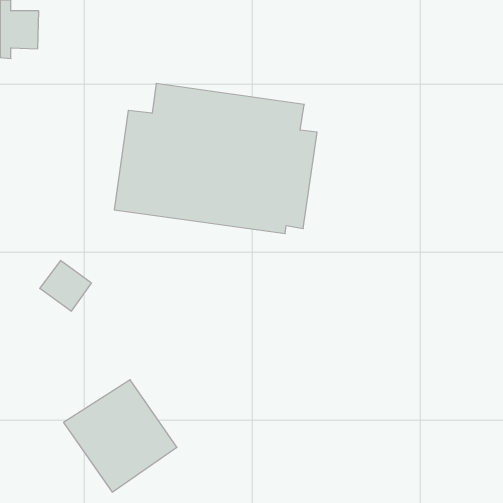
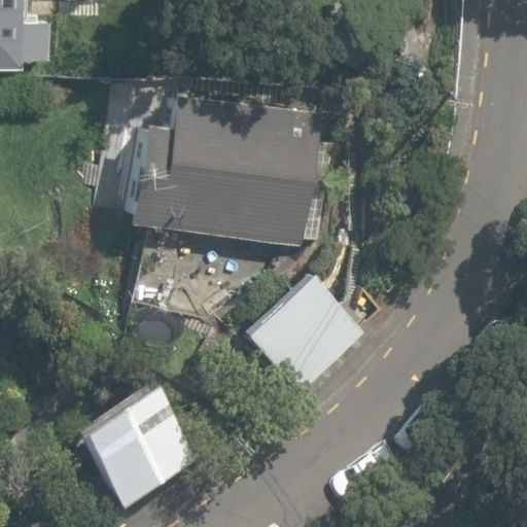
building: none -> [235,260,357,383]

